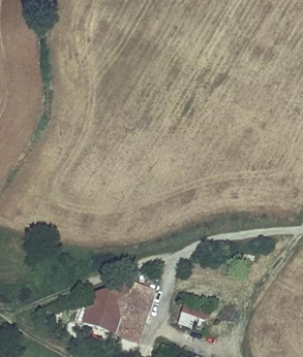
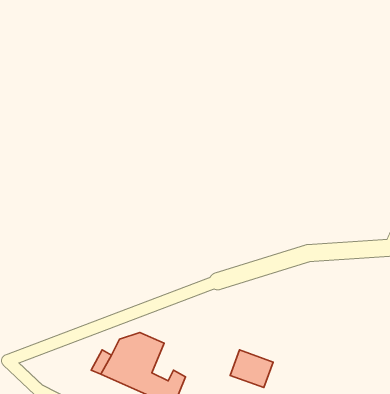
building: [110,284,156,324] -> none

